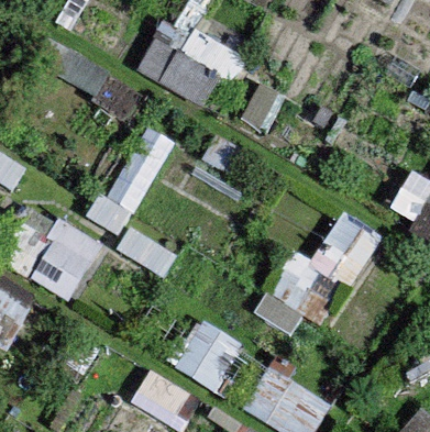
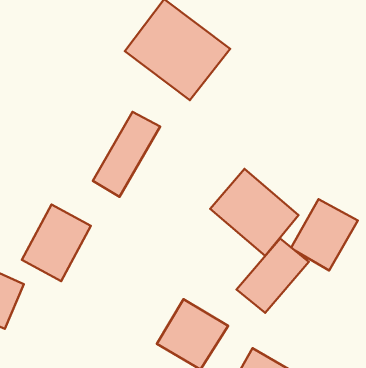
building: none -> [210,169,299,256]

